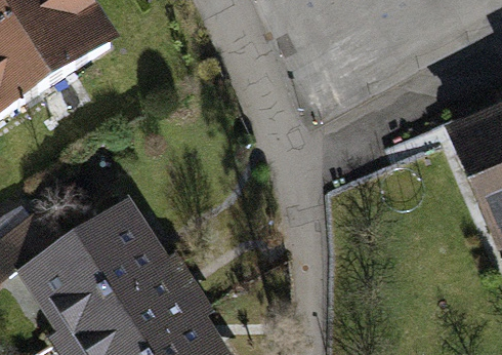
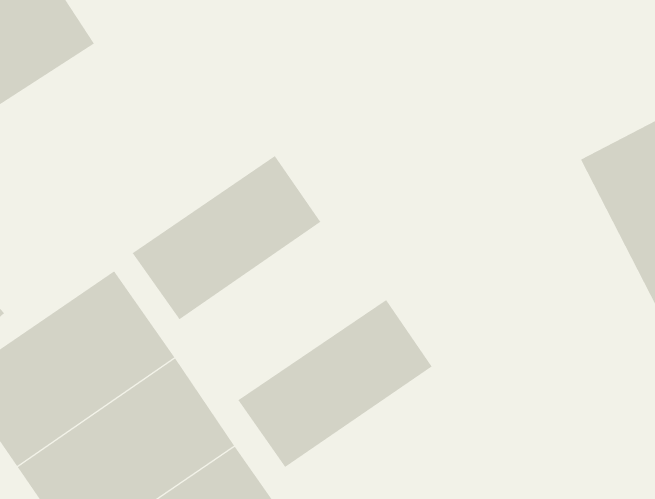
building: none -> [132,155,321,320]
building: none -> [238,299,433,468]

